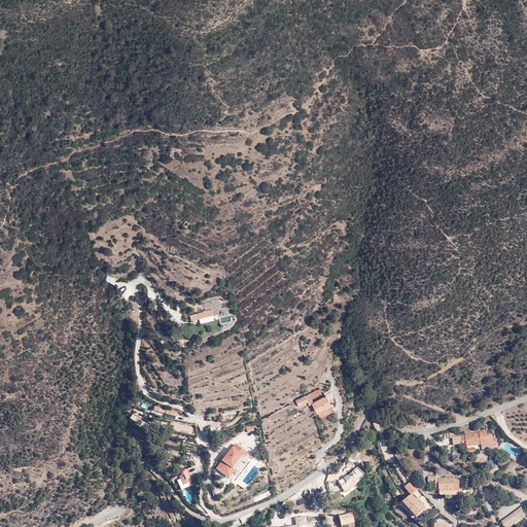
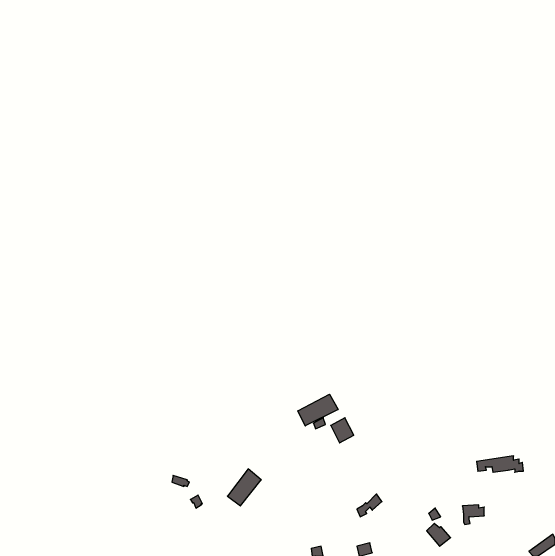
building: none -> [298,394,338,426]

